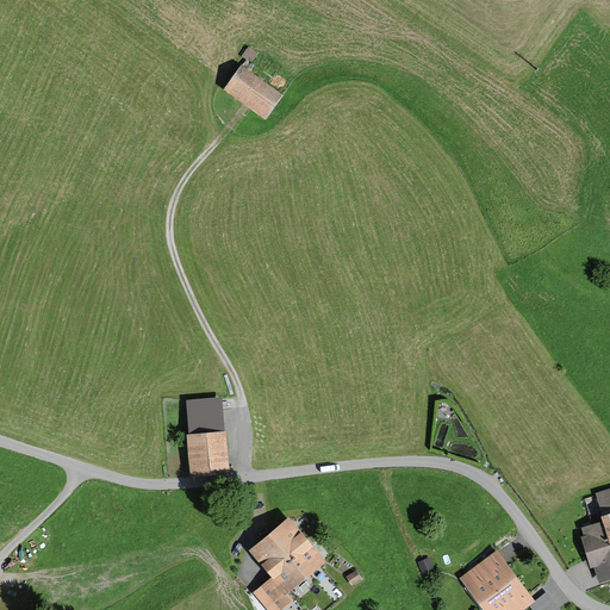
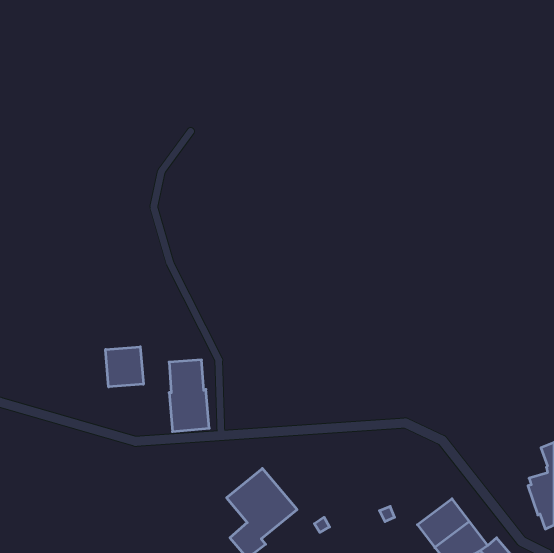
building: [223,67,284,123] -> none
building: none -> [106,347,143,387]

